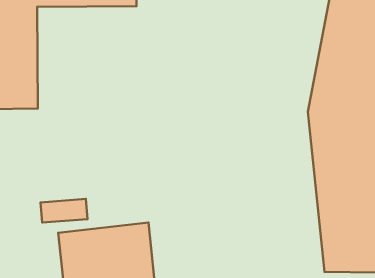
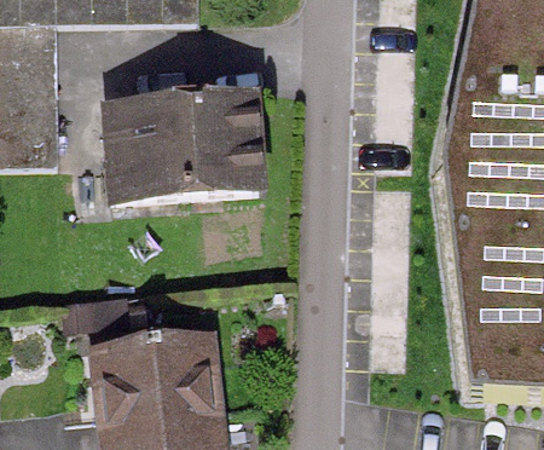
building: none -> [99,88,267,207]

